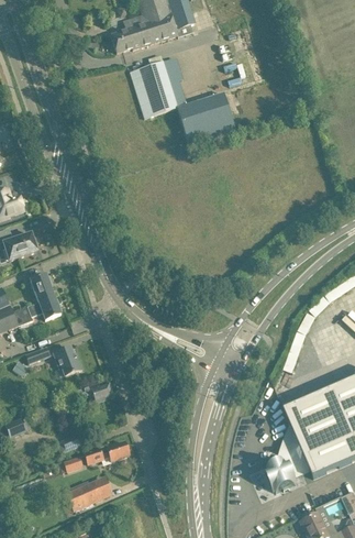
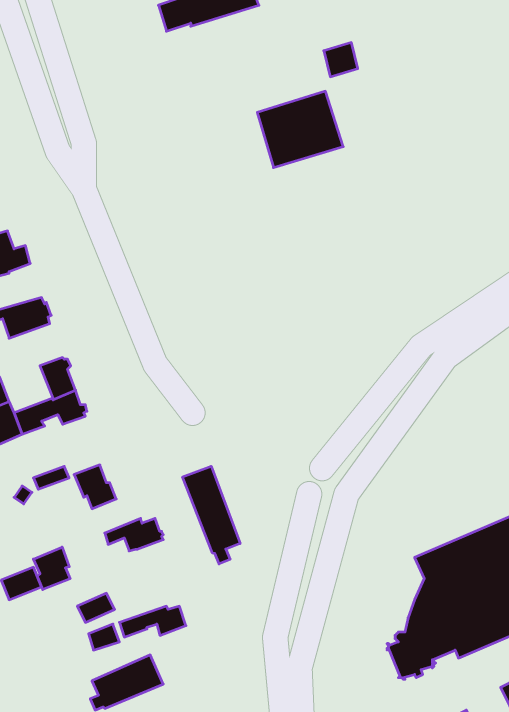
building: [129,58,177,116] -> none
building: none -> [183,466,240,564]
building: none -> [33,547,70,590]

